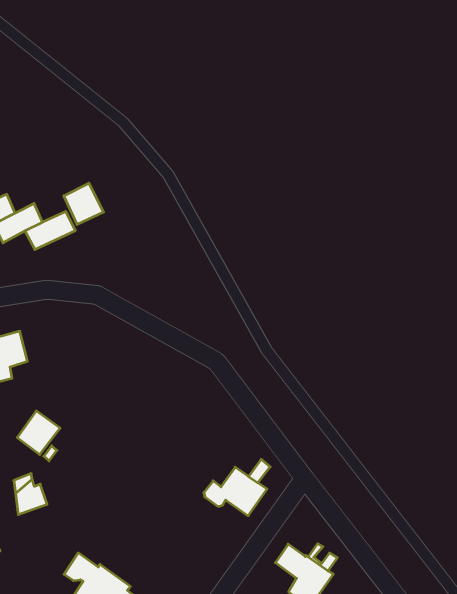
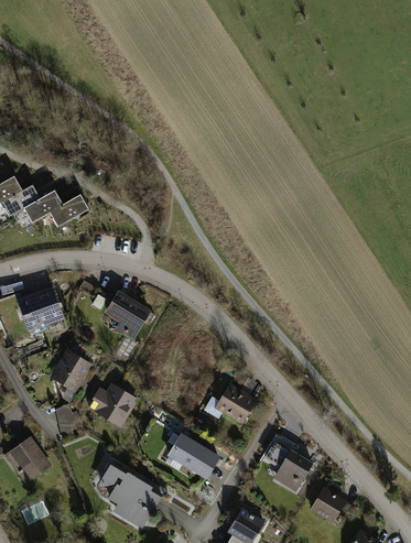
building: [64,183,104,225] -> none
building: none -> [107,293,149,337]
building: none -> [88,388,133,422]
building: none -> [169,435,218,477]

